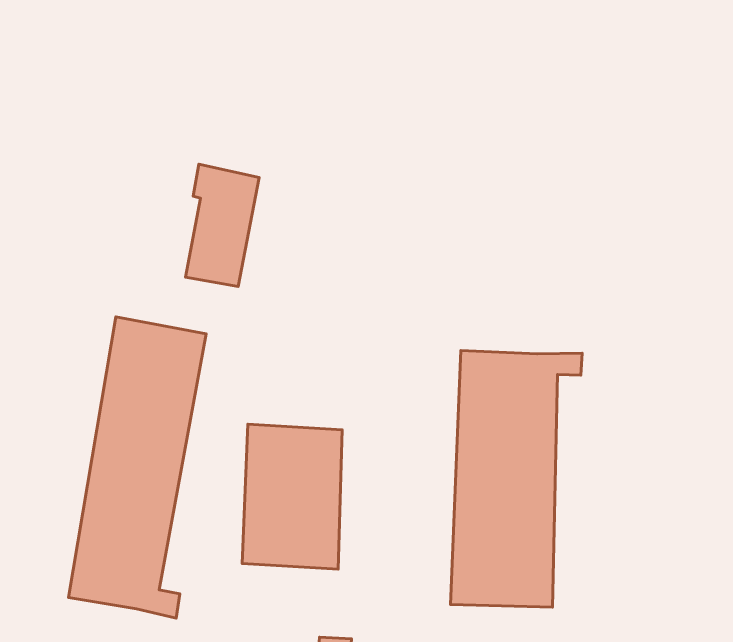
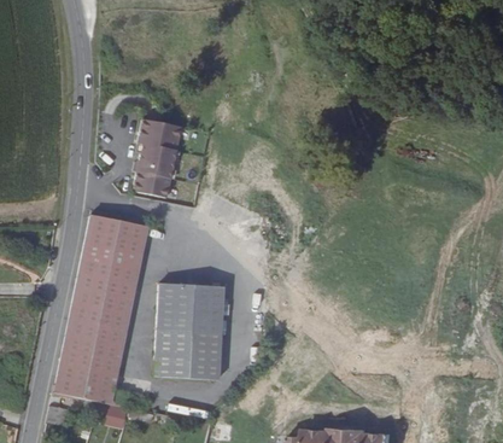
building: [450,351,582,607] -> none

